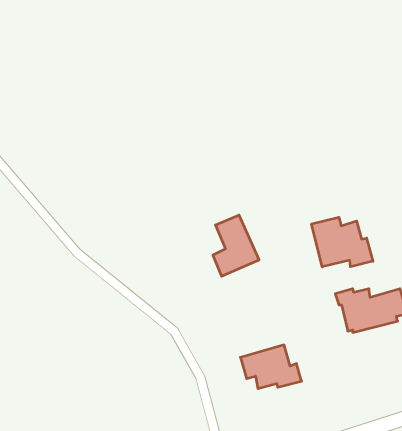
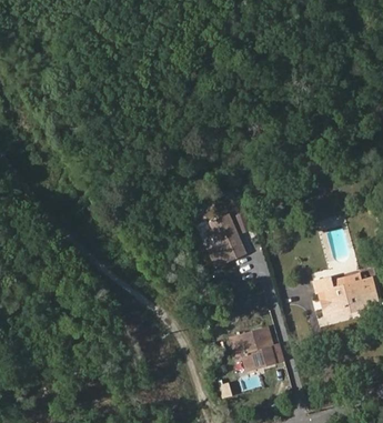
building: [312,217,373,267] -> none

